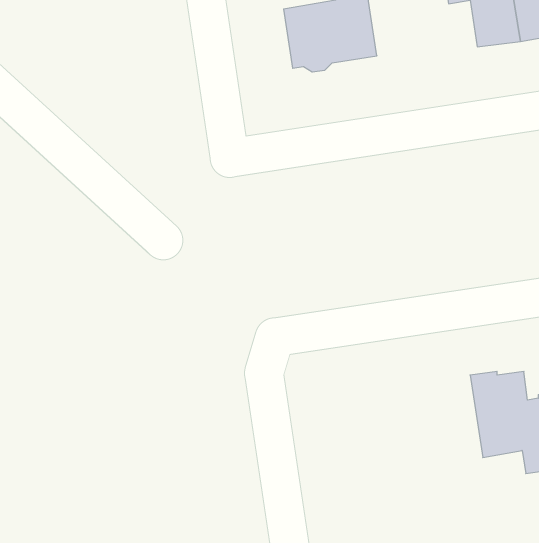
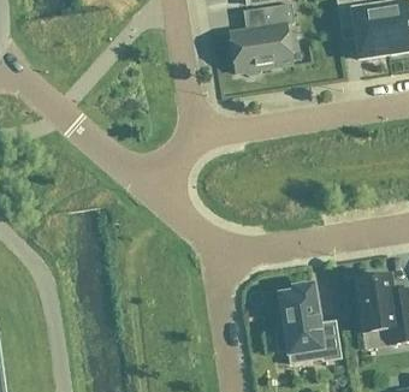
building: none -> [275,284,340,363]

